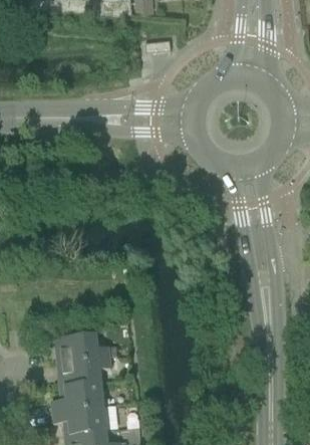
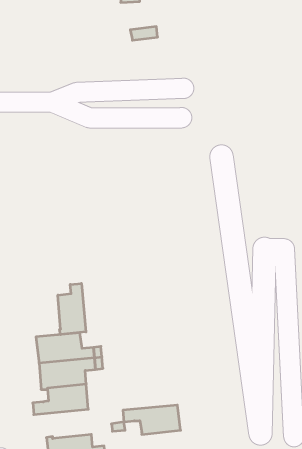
building: none -> [58,283,86,335]
building: [52,405,107,433] -> [123,405,181,434]

